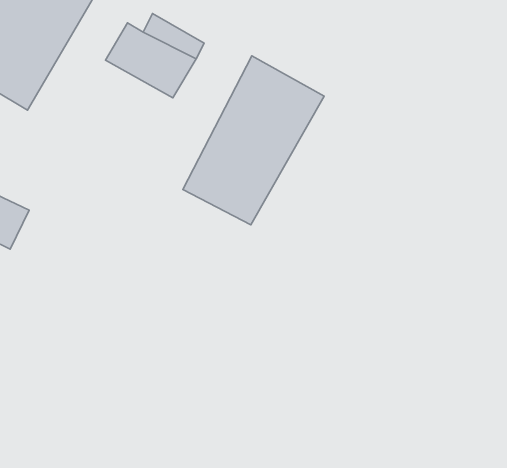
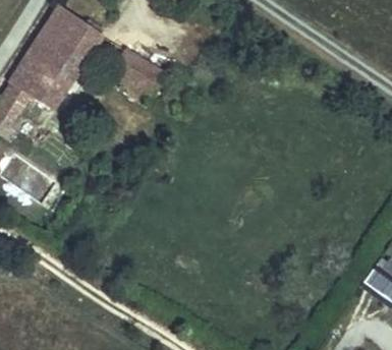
building: [183,56,324,225] -> none

